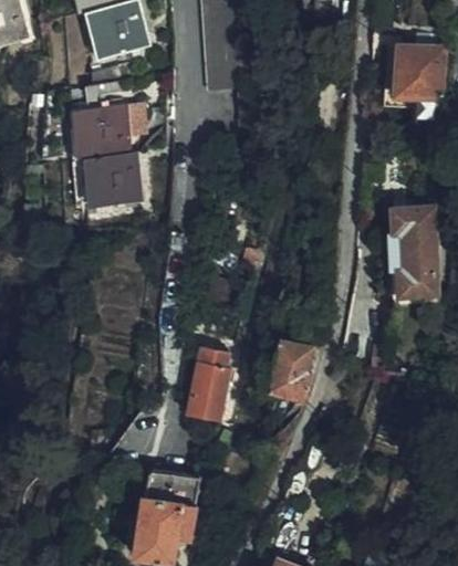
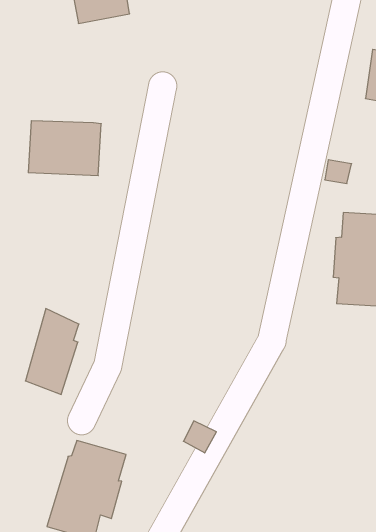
building: [77,106,131,158] -> none
building: [186,334,232,416] -> [25,309,79,394]
building: [266,340,310,403] -> none

